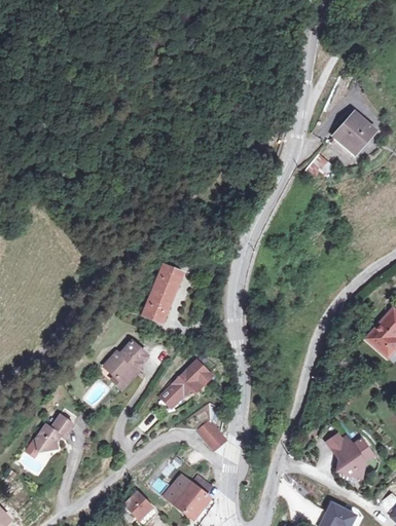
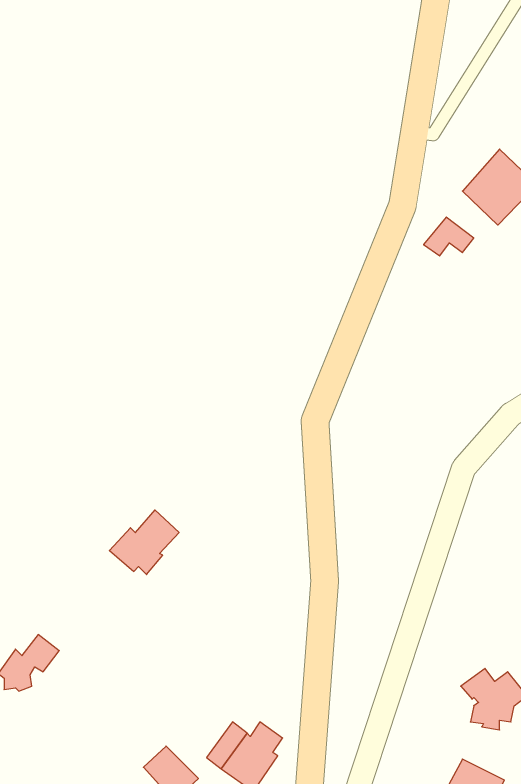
building: [140,265,181,324] -> none
building: [163,362,209,408] -> none
building: [200,422,228,451] -> none

